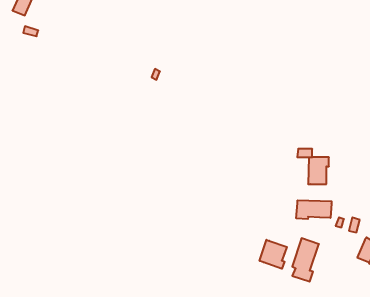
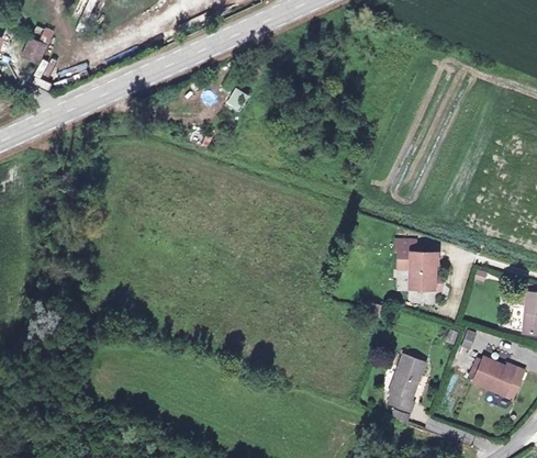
building: [296,200,332,219] -> none
building: [260,240,287,269] -> none

